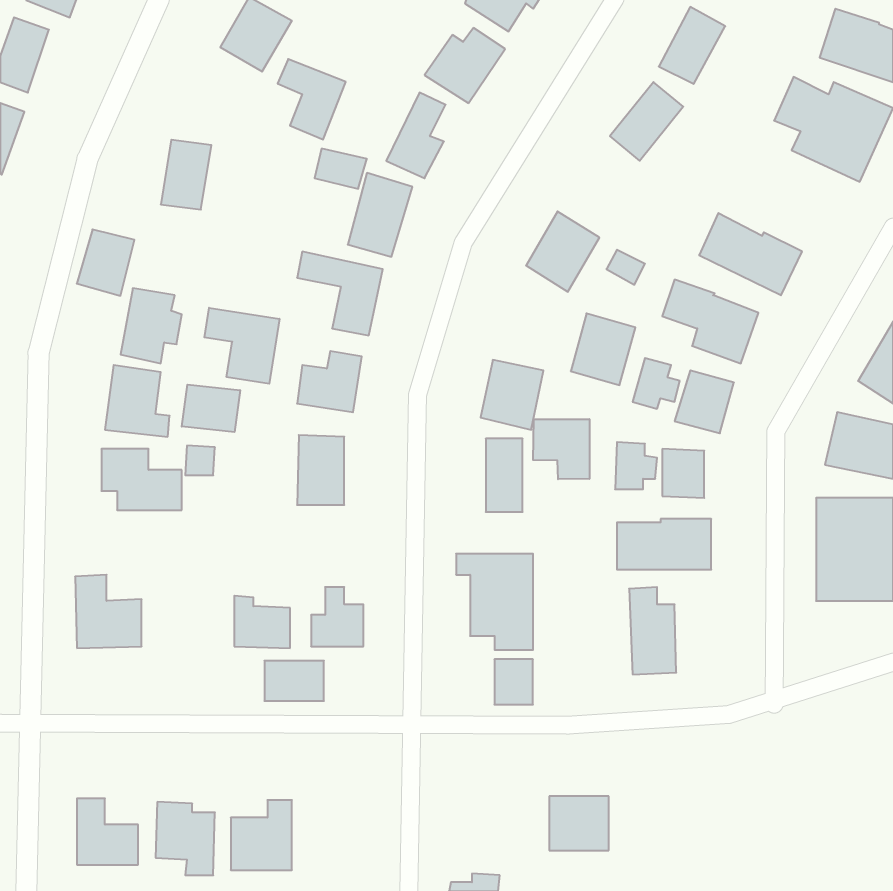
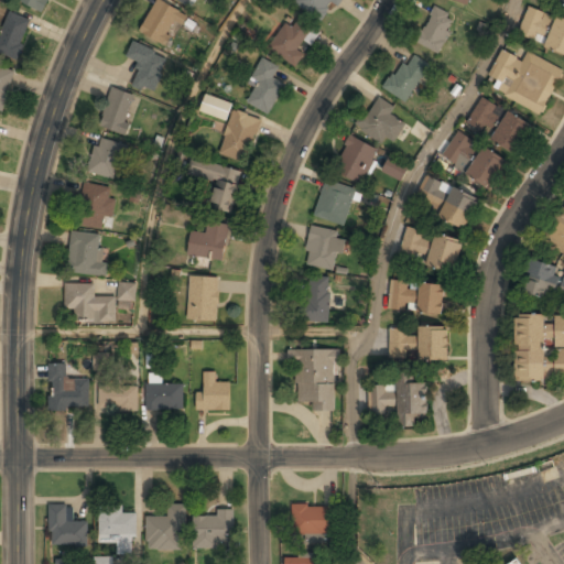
building: [278,59,346,140] -> [126,42,169,93]
building: none -> [356,95,403,147]
building: none -> [469,96,532,154]
building: [77,229,134,296] -> [87,137,123,178]
building: [204,308,279,384] -> none
building: [571,313,635,385] -> [314,180,355,225]
building: [182,385,240,432] -> none
building: [533,419,589,479] -> none
building: [494,659,533,705] -> [369,384,393,413]
building: [264,661,324,701] -> [99,384,137,410]
building: [549,796,609,850] -> [292,503,329,538]
building: none -> [193,508,232,547]

